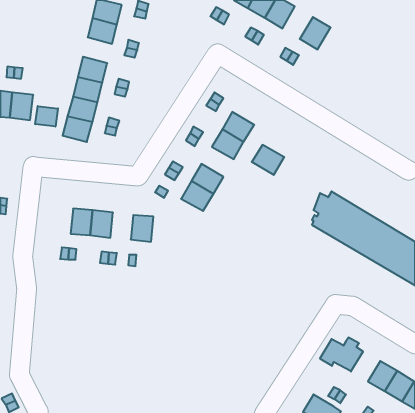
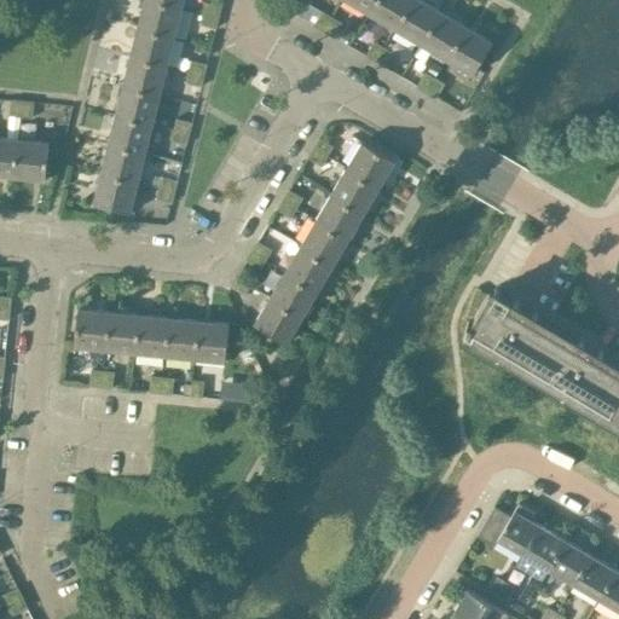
building: none -> [421,12,465,60]
building: none -> [123,58,167,97]
building: none -> [346,143,394,189]
building: [35,106,58,127] -> none
building: [252,145,284,175] -> [300,221,348,266]
building: none -> [254,299,302,343]
building: none -> [74,310,109,351]
building: none -> [164,319,198,359]
building: none -> [515,526,566,583]

